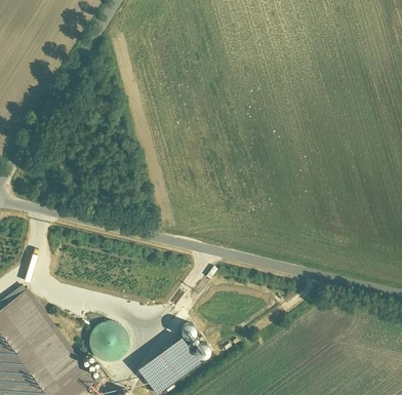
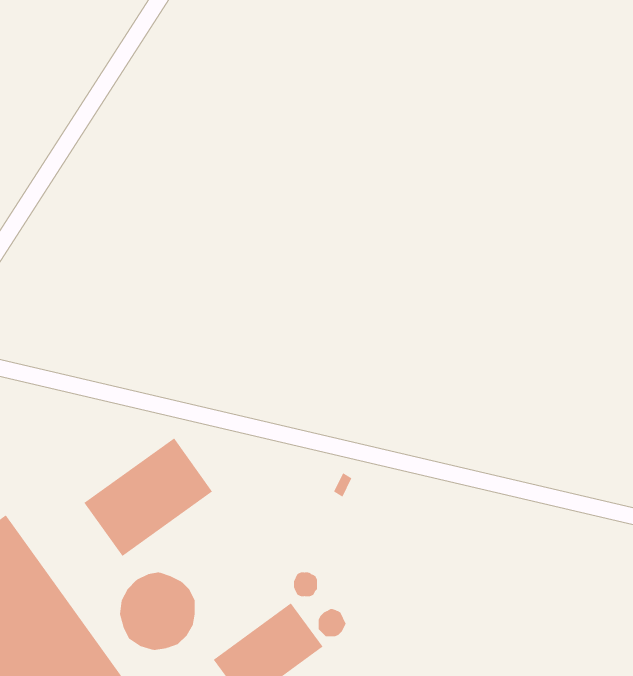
building: none -> [84,438,213,557]

